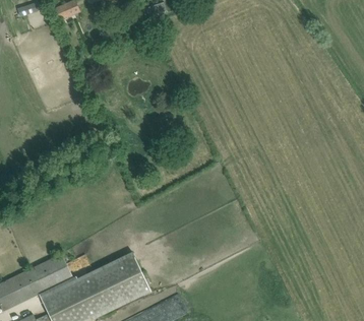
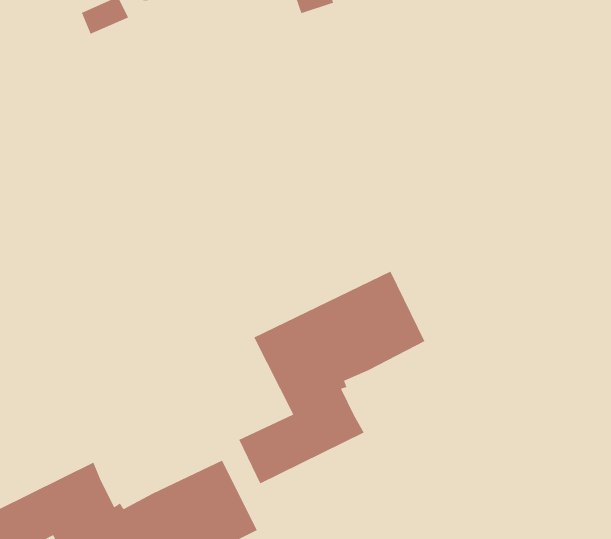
building: none -> [238,270,425,484]

